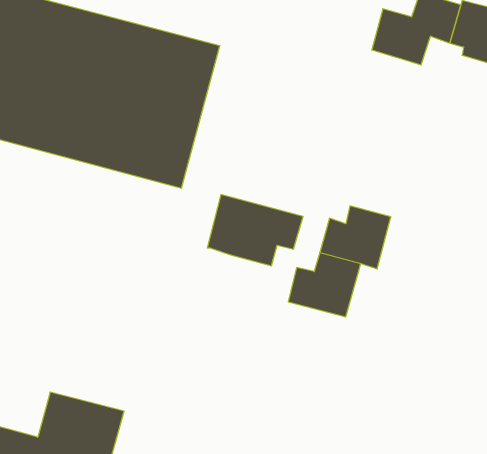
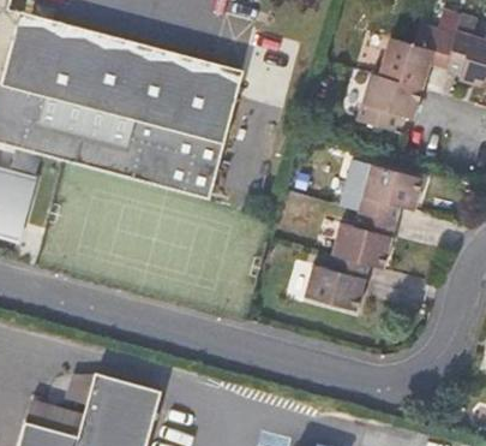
building: none -> [355,72,420,131]
building: [207,195,303,266] -> [337,159,421,221]

